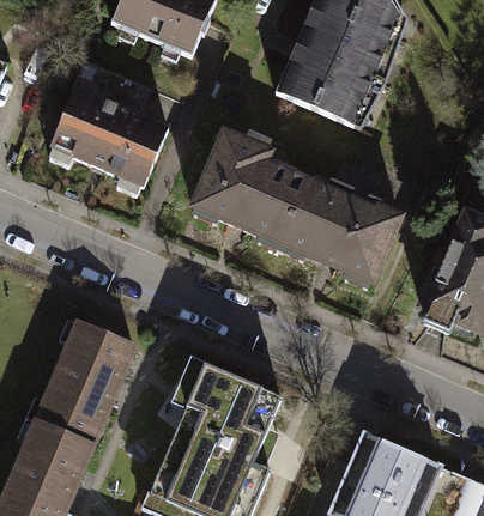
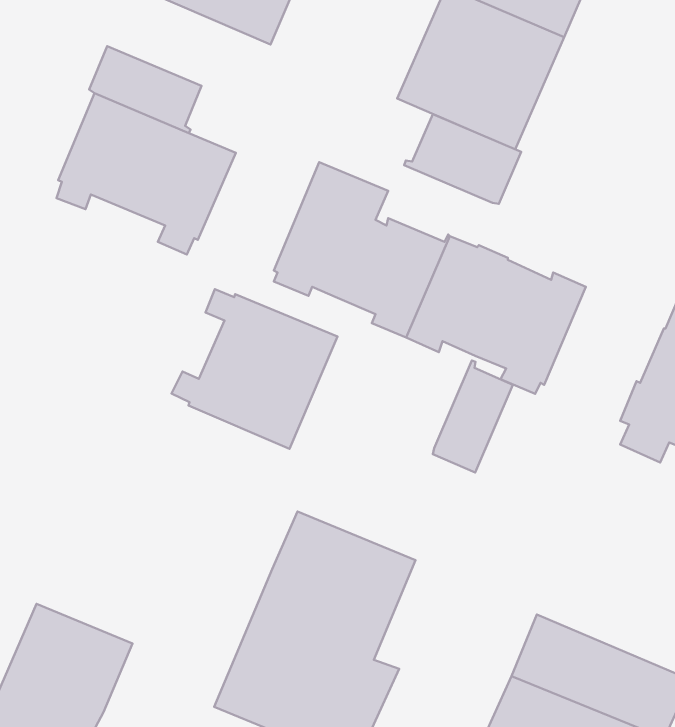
building: none -> [404,114,521,204]
building: none -> [172,289,337,449]
building: none -> [433,360,513,473]
building: [34,324,140,451] -> none

